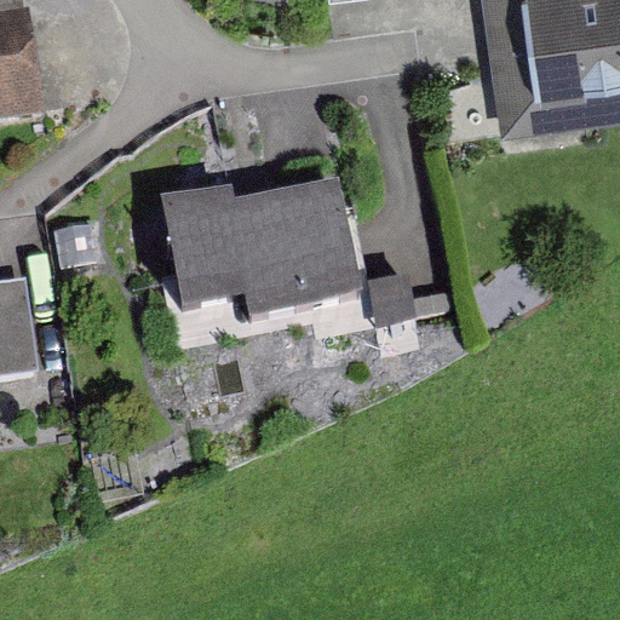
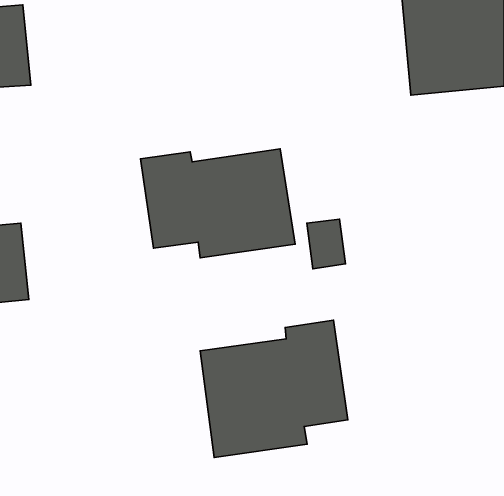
building: none -> [200,320,348,457]

